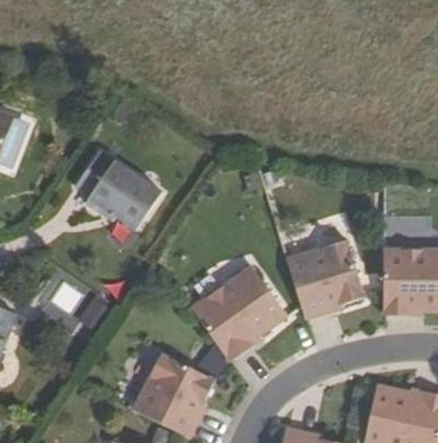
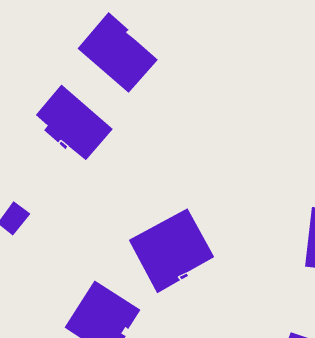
building: none -> [77,11,159,94]
building: [286,240,364,319] -> none

